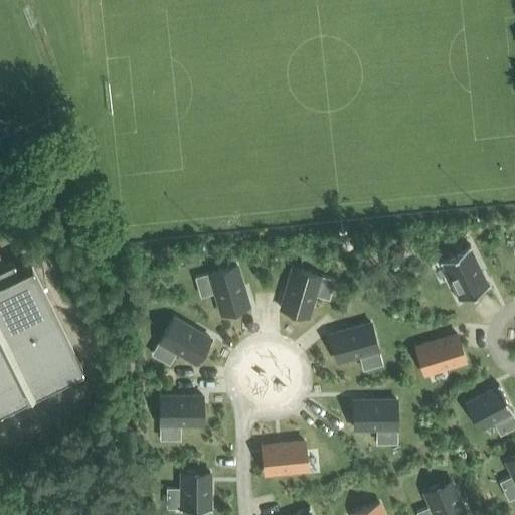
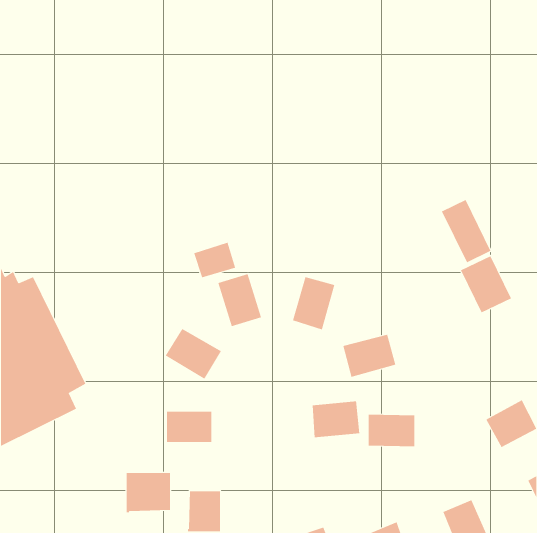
building: none -> [441,199,491,263]
building: none -> [194,242,236,278]
building: [415,335,467,378] -> none
building: [262,442,308,477] -> [312,401,360,438]
building: none -> [126,472,170,513]

